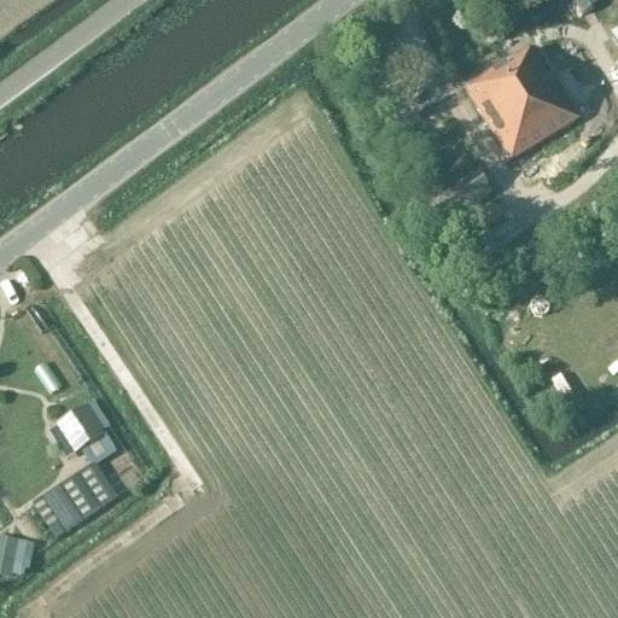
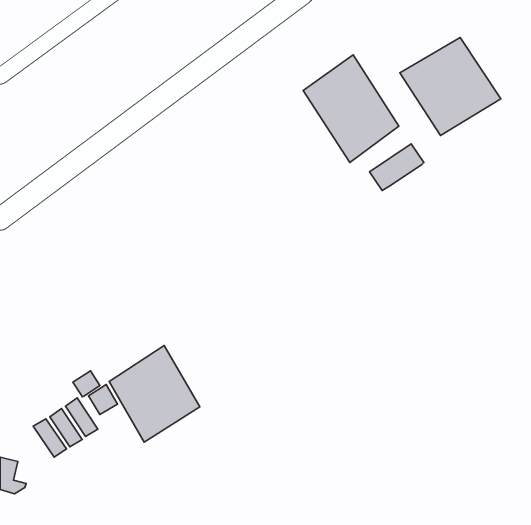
building: none -> [303,55,399,163]
building: none -> [109,346,200,442]
building: [58,401,106,449] -> none

